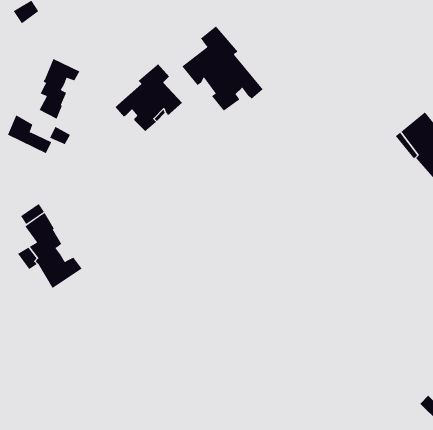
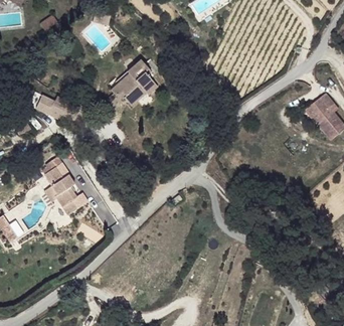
building: [182,25,264,111] -> none
building: [39,58,80,120] -> none

